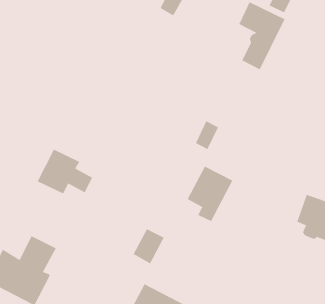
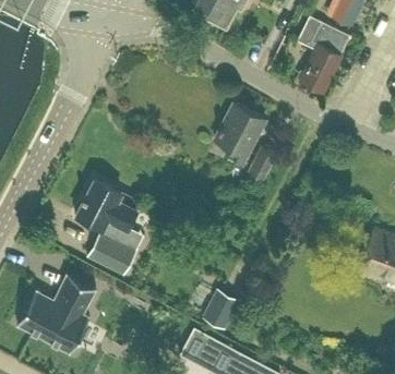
building: [187,166,233,222] -> [215,104,266,166]
building: none -> [89,232,136,274]
building: [133,229,164,264] -> [204,291,239,330]

